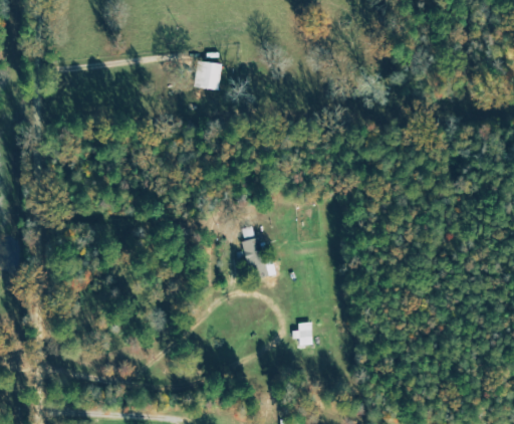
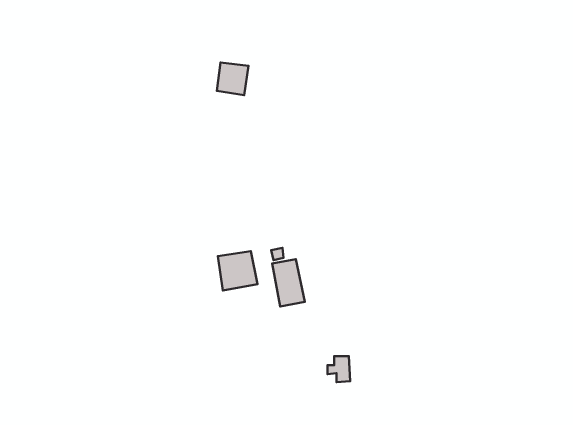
building: none -> [218,251,257,290]

